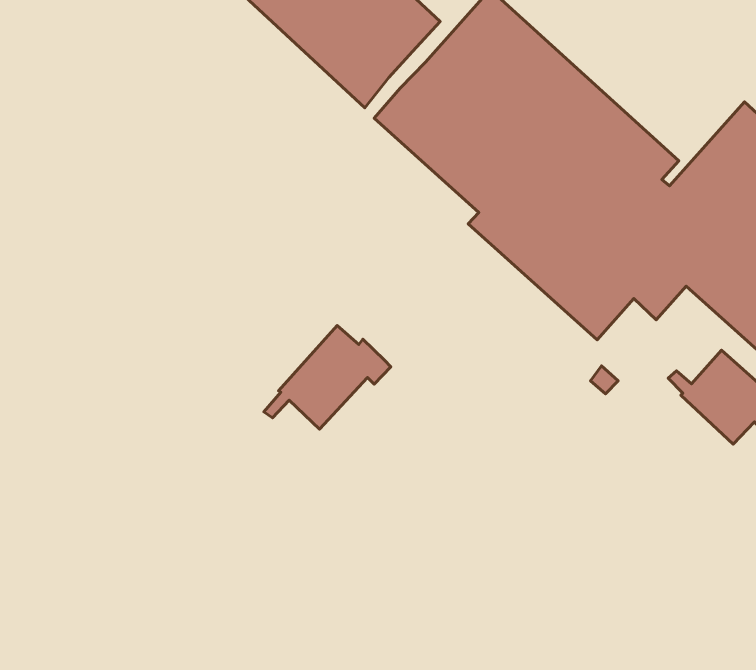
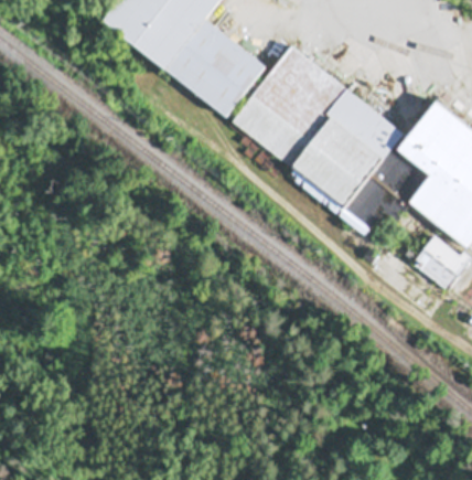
building: [264,326,391,429] -> none

